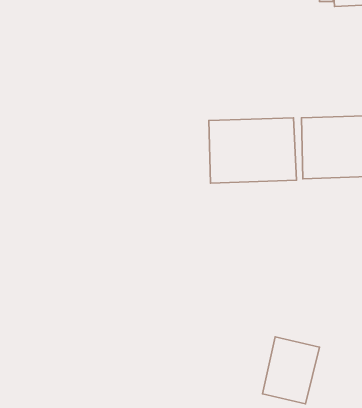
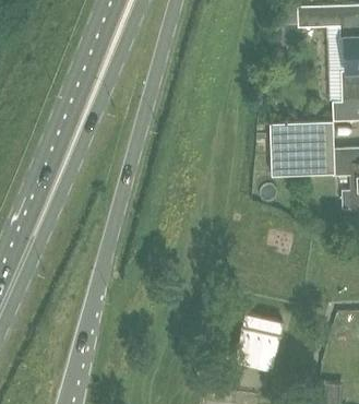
building: [209,118,297,183] -> none

